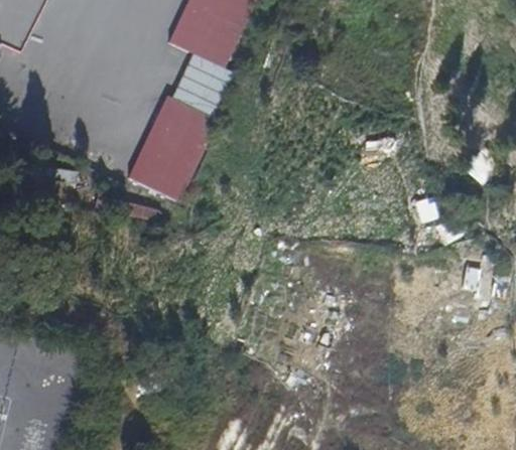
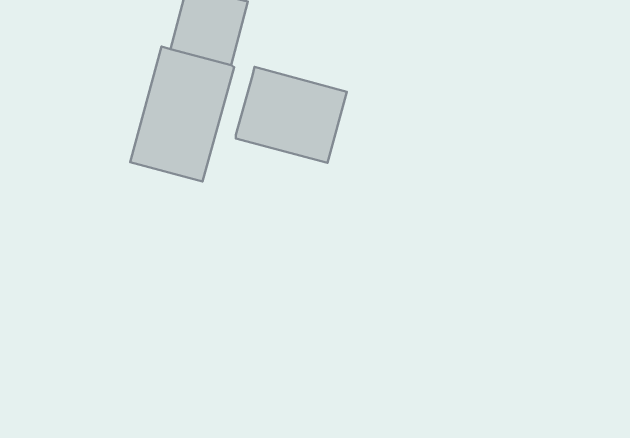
building: none -> [236,67,347,163]

